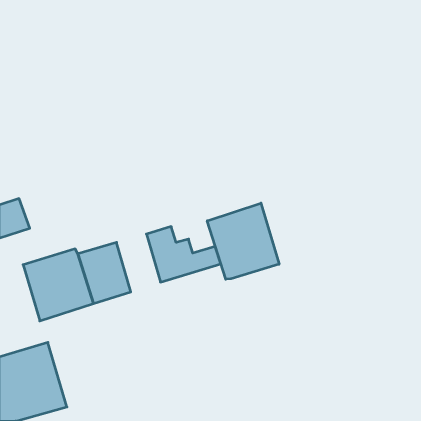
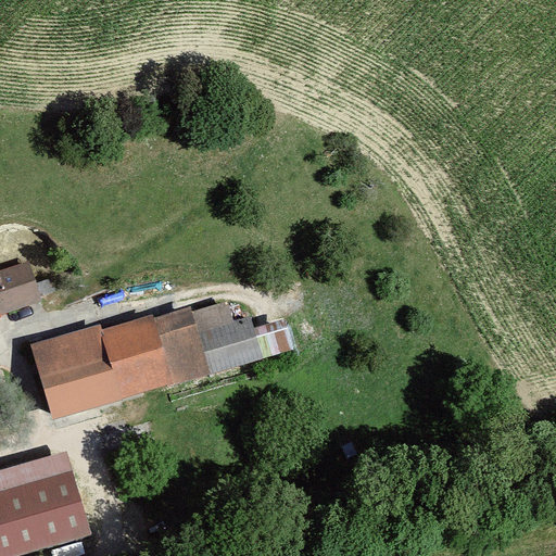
building: [207,203,279,279] -> none
building: none -> [153,307,211,383]

